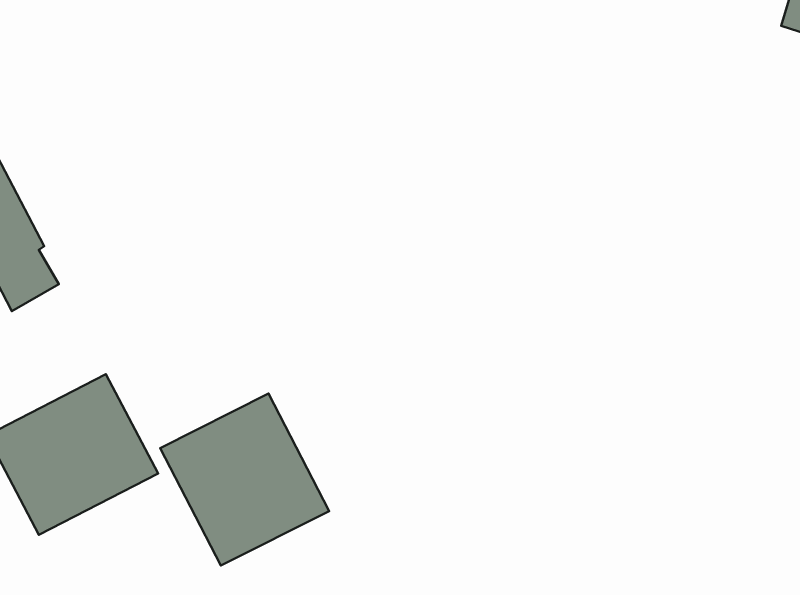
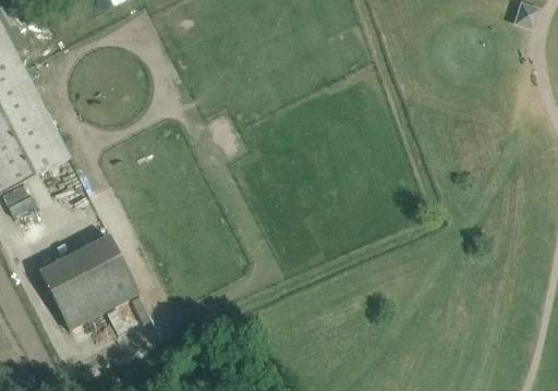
building: [160,394,329,566] -> none

